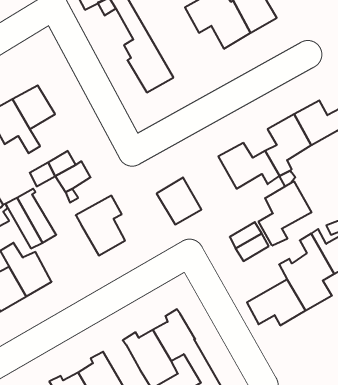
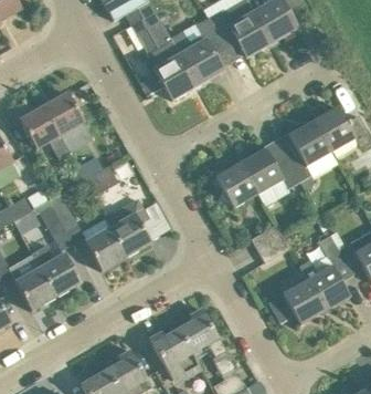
building: none -> [171,18,223,85]
building: [157,177,201,224] -> [215,162,258,207]
building: [259,181,311,246] -> none
building: none -> [85,228,126,270]

